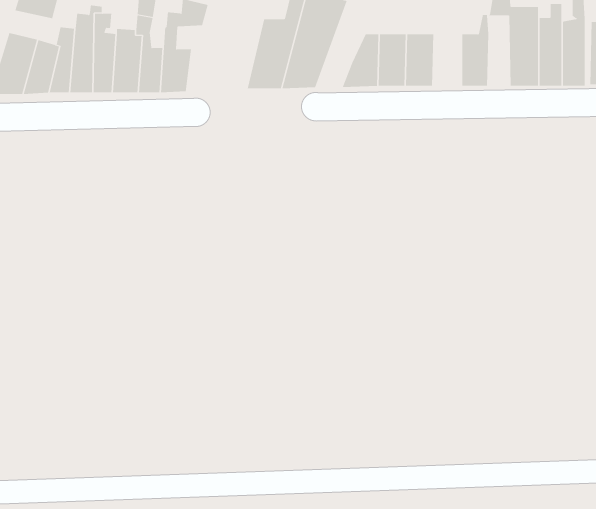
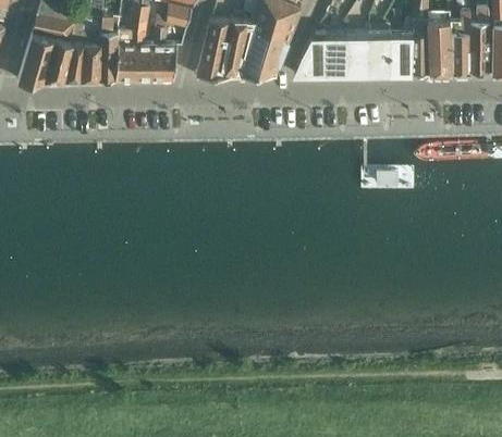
building: none -> [32,15,73,42]
building: none -> [411,20,428,75]
building: none -> [195,22,233,78]
building: none -> [367,34,390,75]

